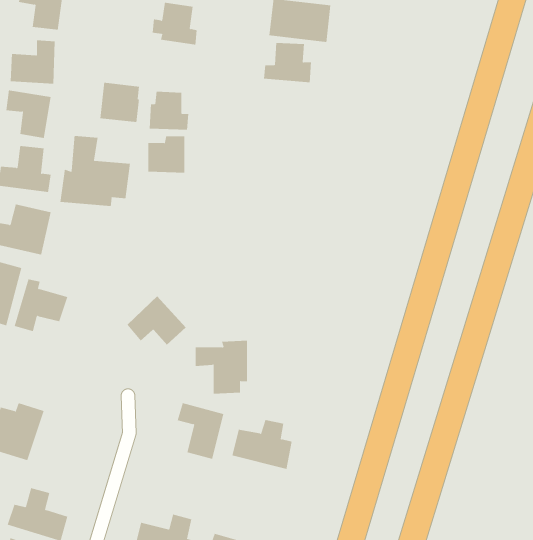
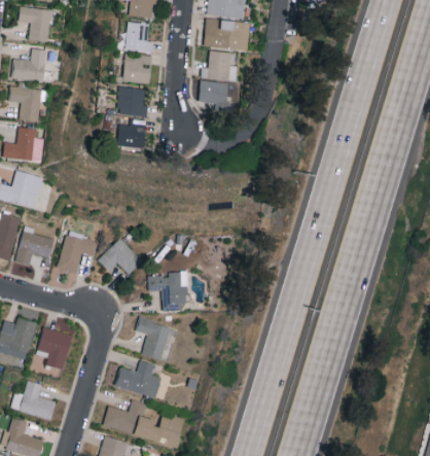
building: none -> [196,79,227,107]
building: [99,82,140,123] -> [120,54,150,83]
building: [60,135,131,207] -> none
building: none -> [59,232,100,273]
building: none -> [37,327,72,370]
building: [231,419,293,469] -> [116,360,162,397]

